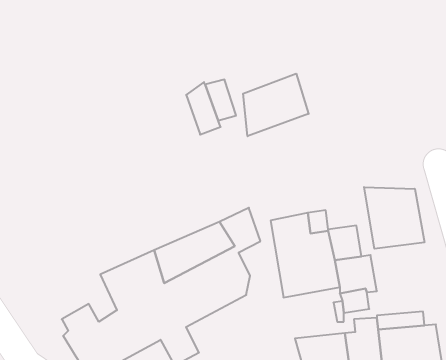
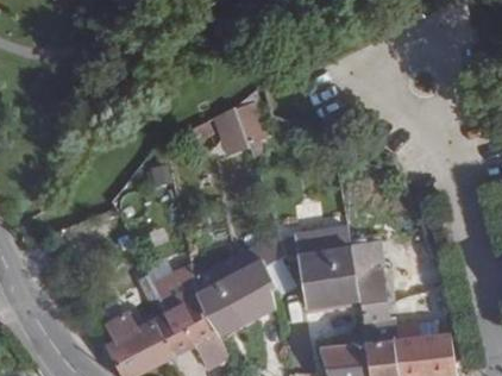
building: [243,74,309,136] -> none
building: [364,187,424,249] -> none

